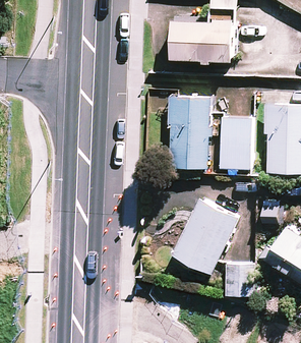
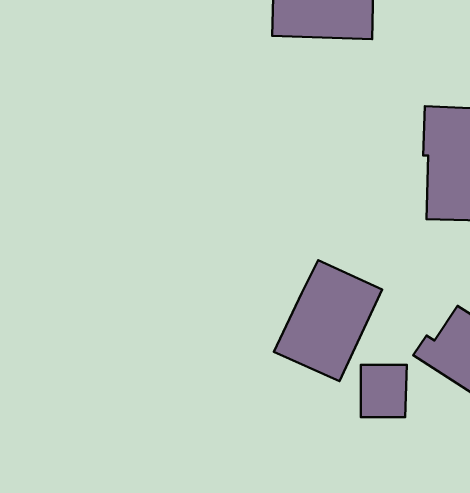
building: [169,95,210,167] -> none
building: [219,116,252,169] -> none

